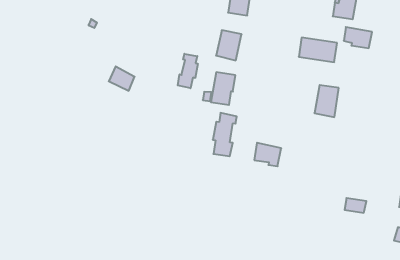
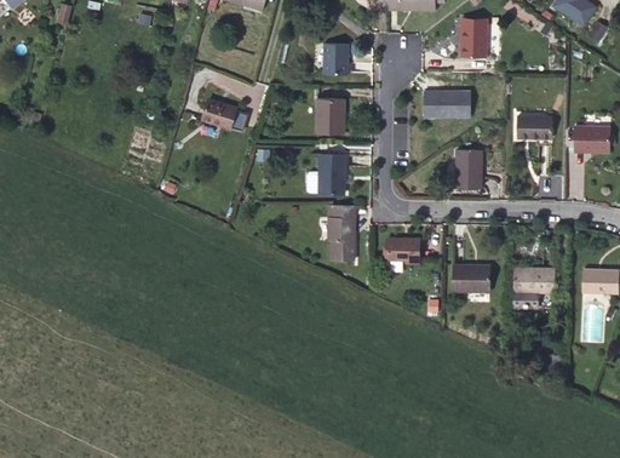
building: [344,27,372,48] -> [518,115,553,138]
building: [178,54,198,88] -> none
building: [109,66,135,91] -> [202,98,235,127]
building: none -> [454,264,489,291]
building: none -> [513,268,556,291]

